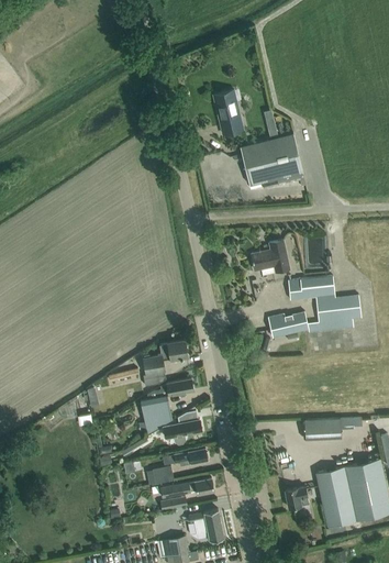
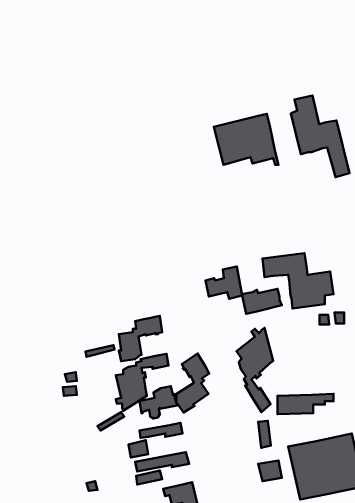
building: [213,90,243,135] -> none
building: none -> [291,95,350,177]
building: [252,240,289,273] -> [205,266,242,299]
building: none -> [236,328,273,412]
building: none -> [176,353,209,413]

